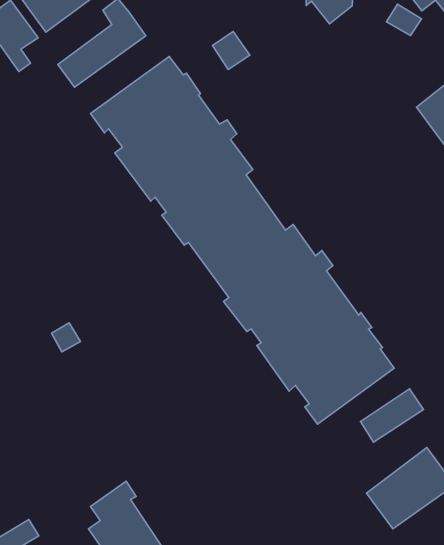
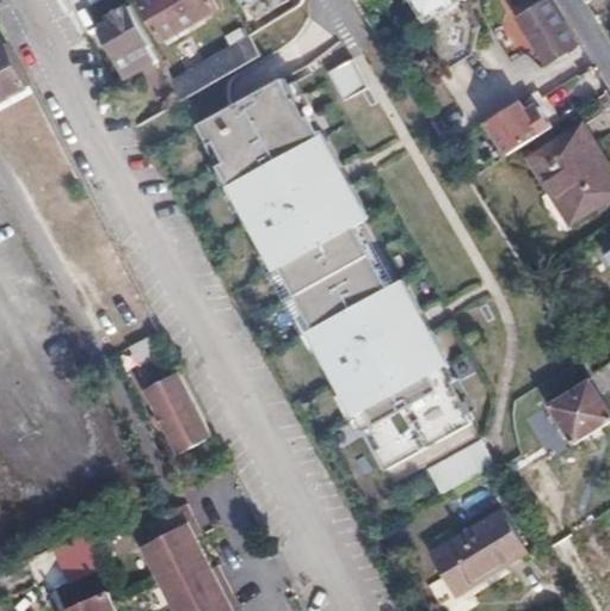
building: none -> [482,99,546,160]
building: none -> [149,381,216,463]

